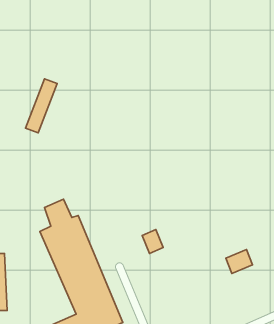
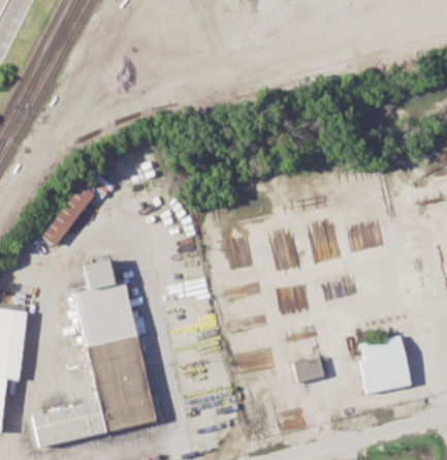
building: [26,79,57,133] -> [44,184,92,248]
building: [142,230,163,254] -> none

